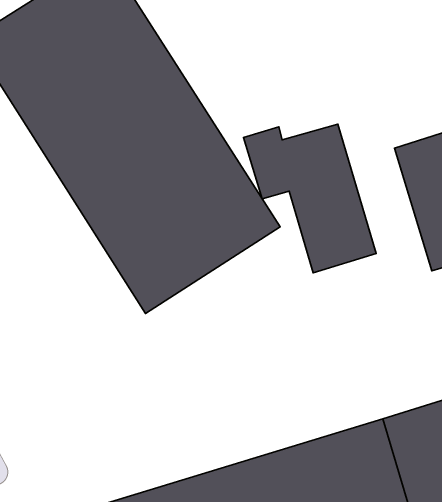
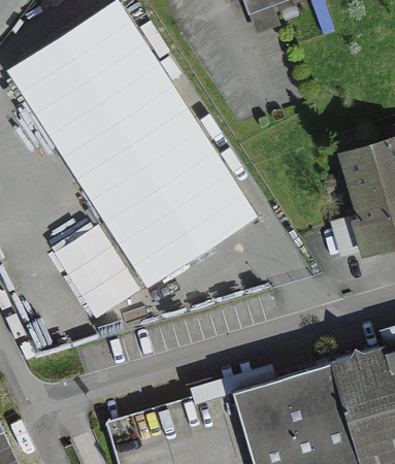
building: [244,124,376,273] -> none
building: none -> [59,232,131,310]

